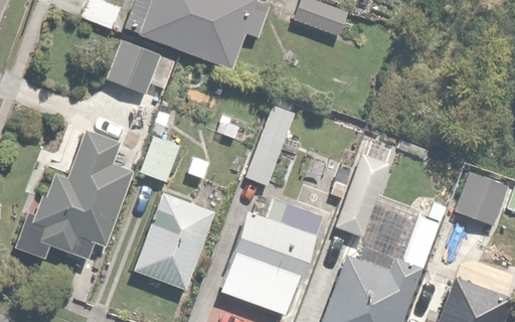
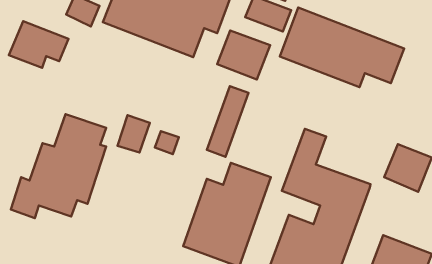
building: none -> [280,7,404,87]
building: none -> [217,30,270,80]
building: [106,40,176,96] -> [9,21,68,68]
building: [133,194,214,291] -> none

